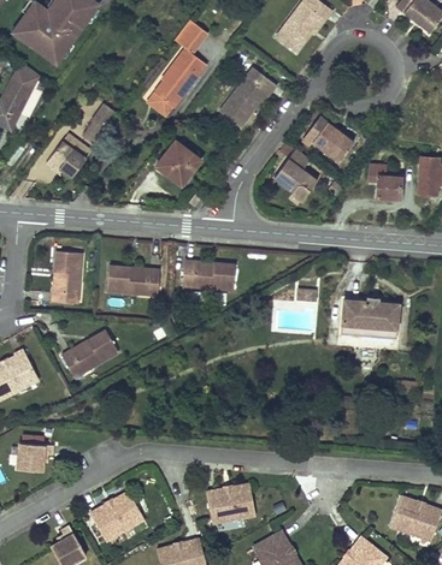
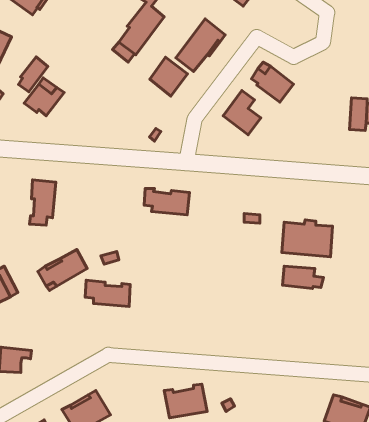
building: [84,105,118,144] -> [18,57,48,92]
building: [157,141,200,185] -> [150,57,188,96]
building: [369,165,401,198] -> none
building: [107,266,159,296] -> [85,280,130,307]
building: none -> [283,266,323,288]

